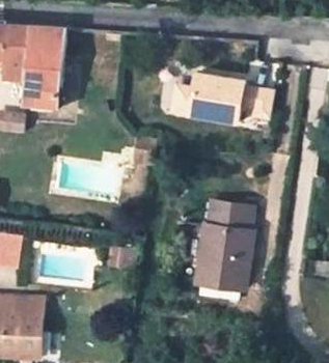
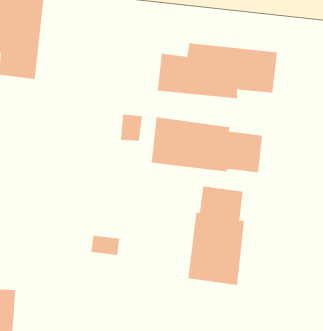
building: none -> [151,117,262,173]

